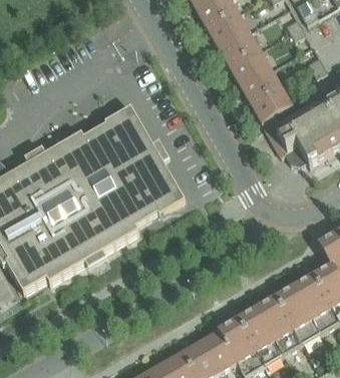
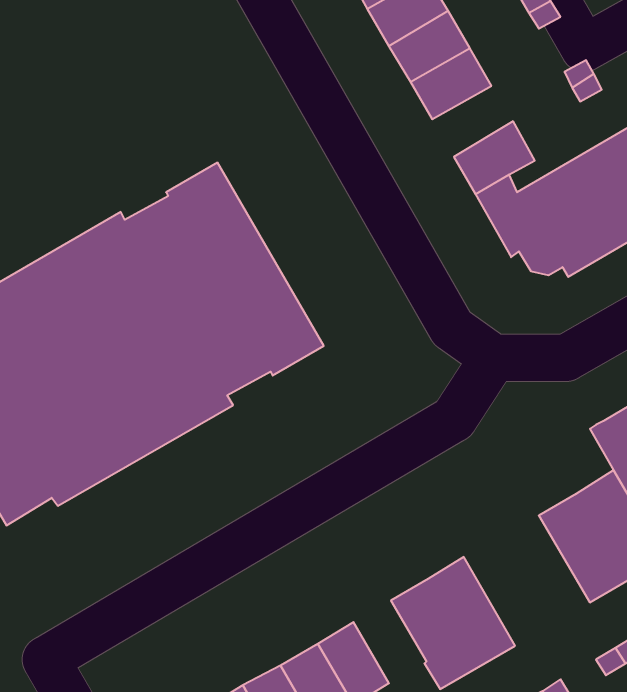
building: [240,67,281,103] -> none
building: [256,286,320,352] -> none
building: [200,329,237,371] -> none

